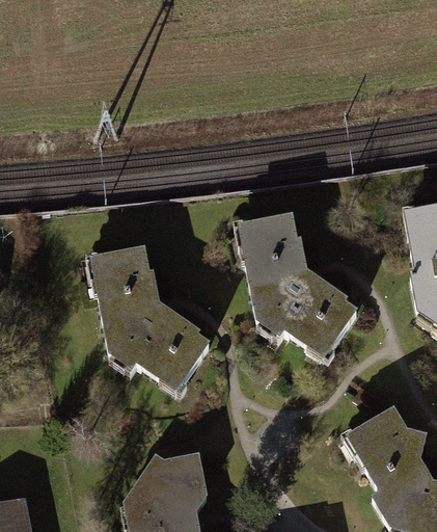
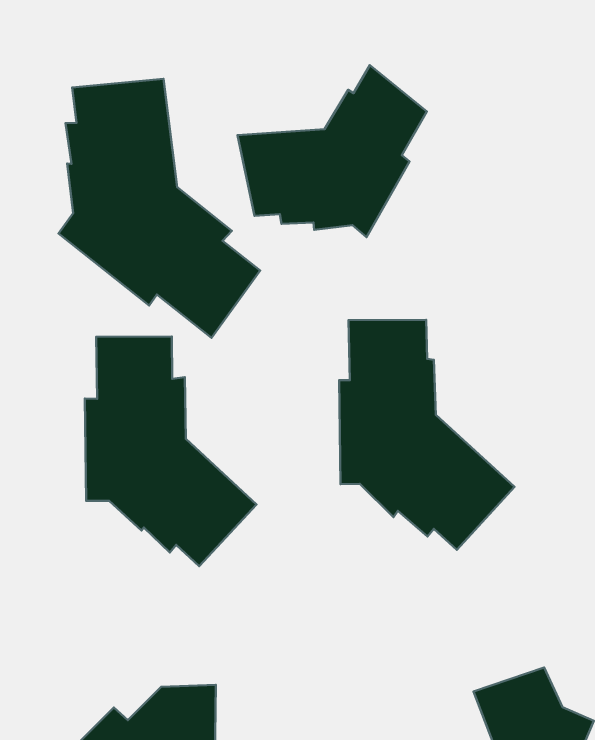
building: none -> [238,65,427,237]
building: none -> [59,79,260,338]

